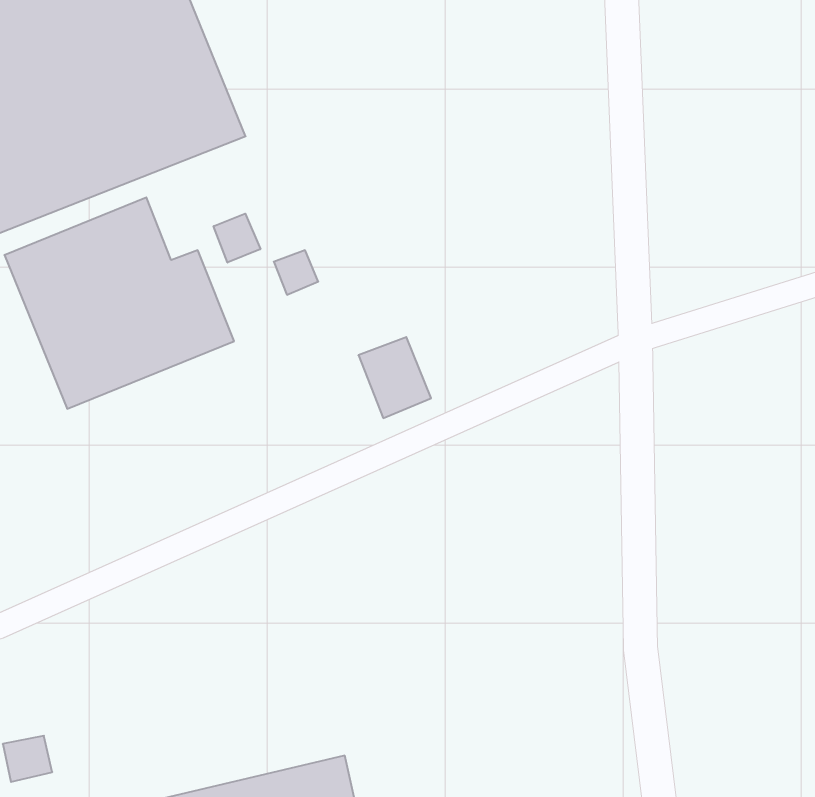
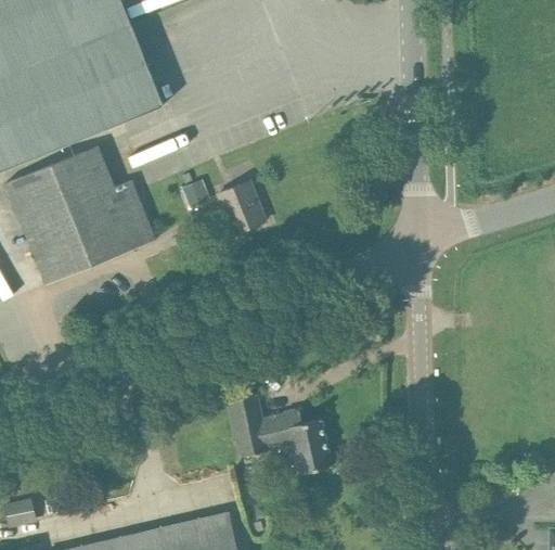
building: [214,214,260,263] -> none
building: [358,337,431,418] -> [217,180,264,233]
building: none -> [230,392,332,471]

